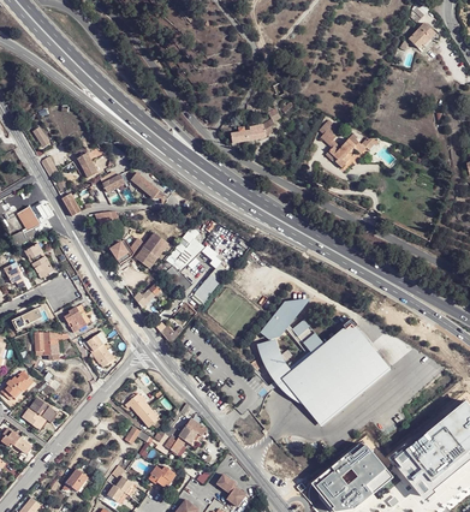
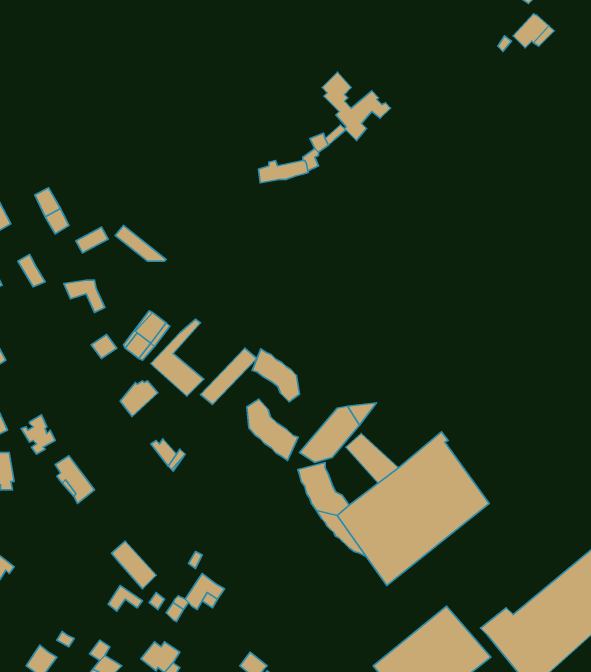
building: [317,120,365,168] -> [322,72,391,140]
building: none -> [252,349,300,402]
building: none -> [247,399,298,460]

